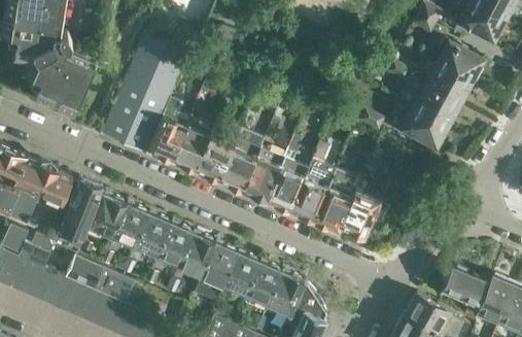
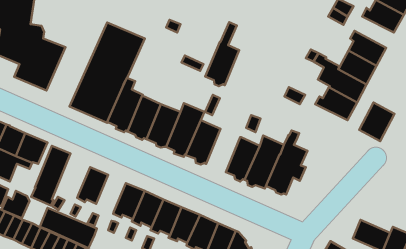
building: none -> [359,103,395,141]
building: [267,135,308,212] -> [205,22,239,86]
building: [88,195,127,239] -> none
building: [133,214,170,259] -> none

